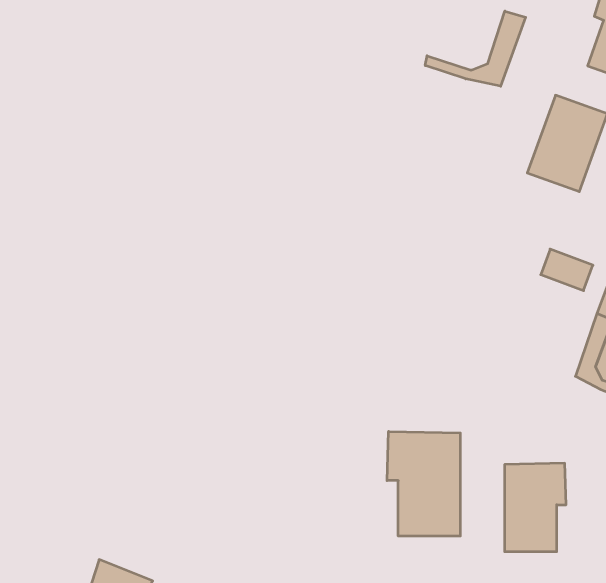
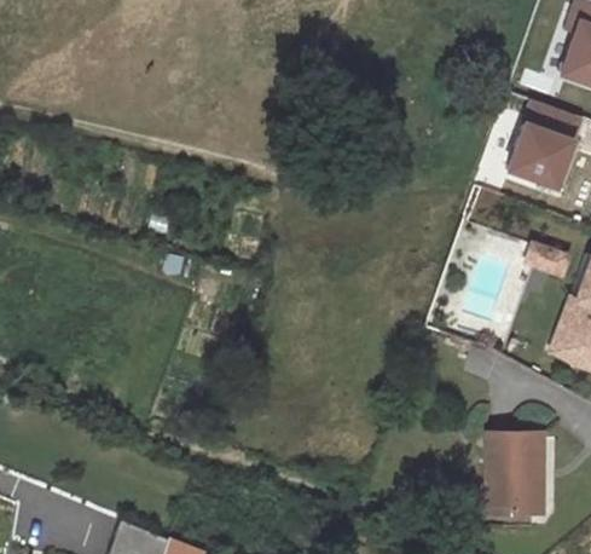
building: [425,11,526,86] -> none
building: [387,431,460,536] -> none

